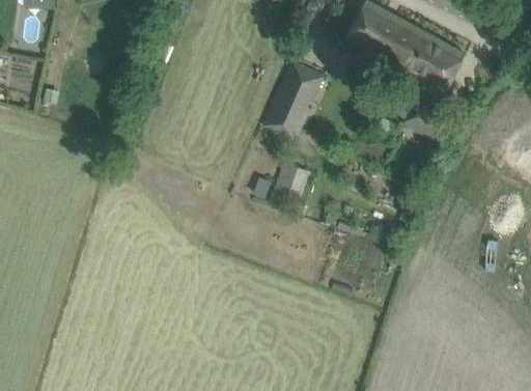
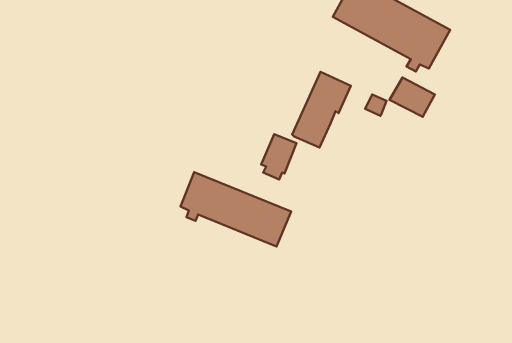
building: [263,61,324,139] -> [292,72,351,148]
building: none -> [180,172,291,247]

